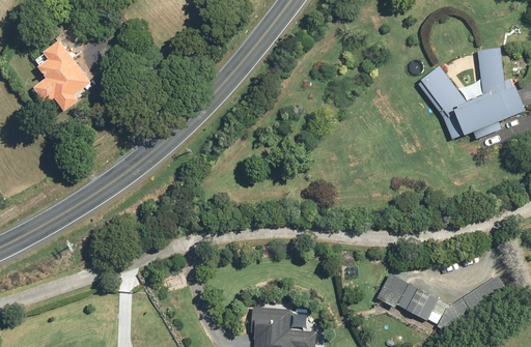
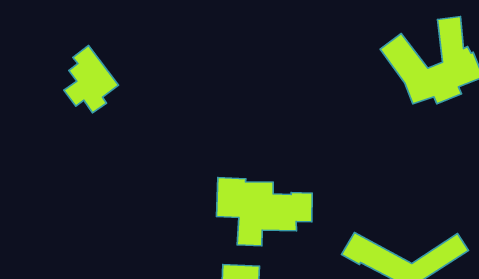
building: [33,41,90,112] -> [64,46,118,113]
building: none -> [217,177,312,246]

